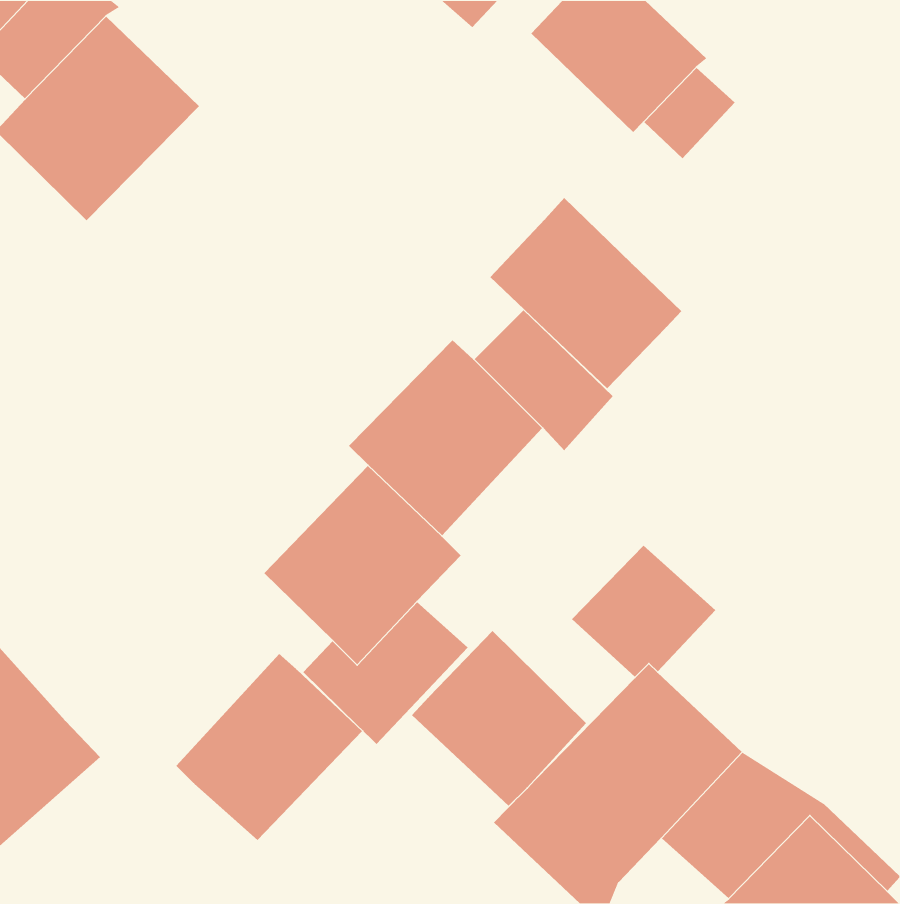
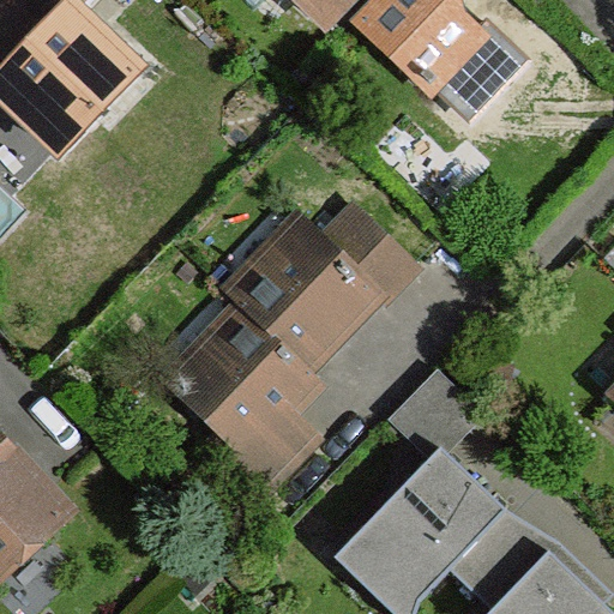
building: [489,197,682,389] -> none
building: [411,630,587,806] -> none
building: [175,653,363,841] -> none

